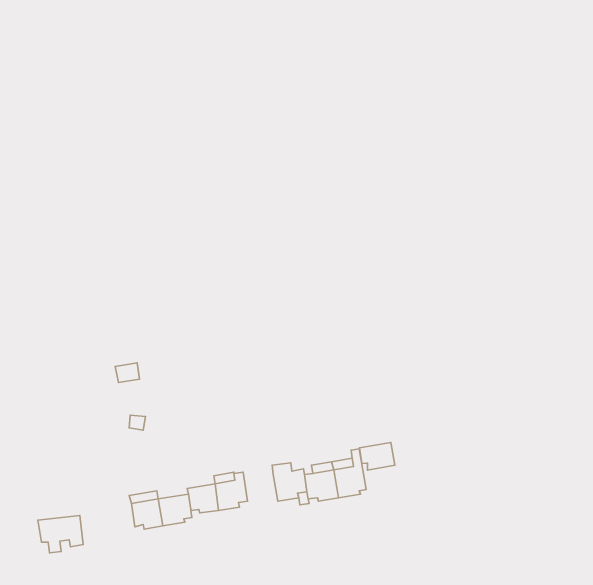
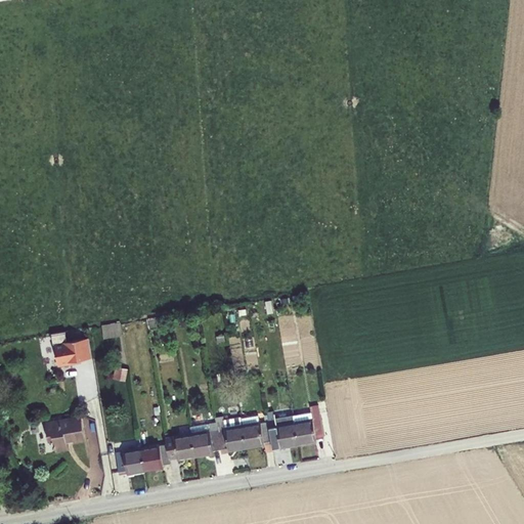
building: none -> [49,339,91,373]
building: [359,442,395,470] -> none
building: none -> [214,423,245,451]
building: [38,516,83,553] -> [43,419,83,451]

